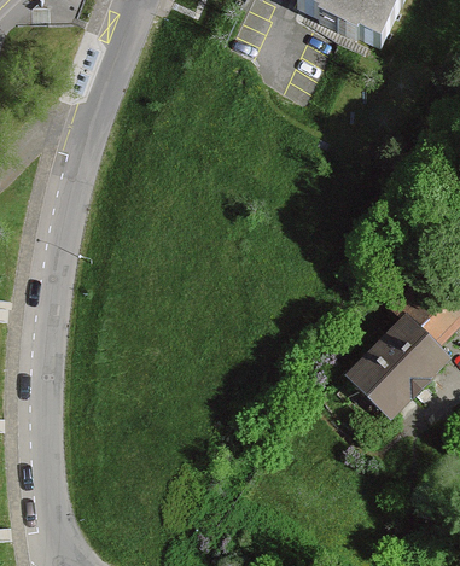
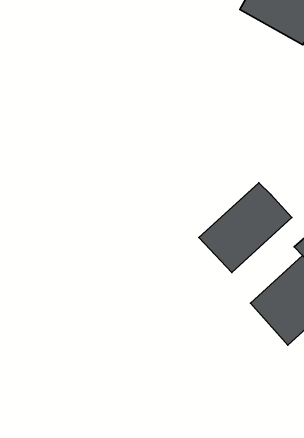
building: none -> [199,183,292,272]

